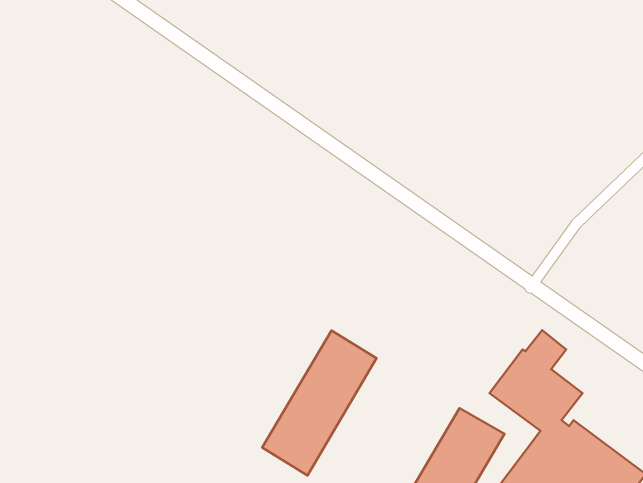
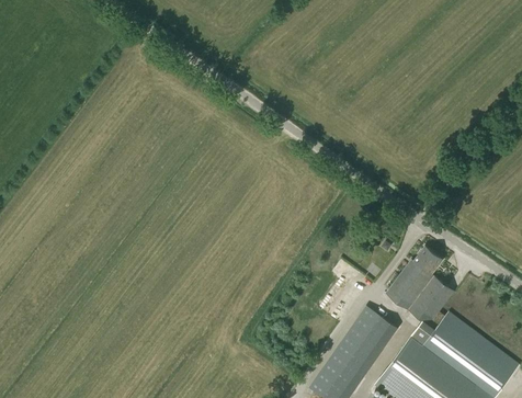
building: [262,330,377,475] -> none

